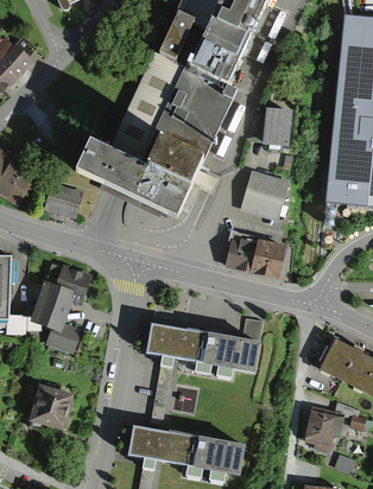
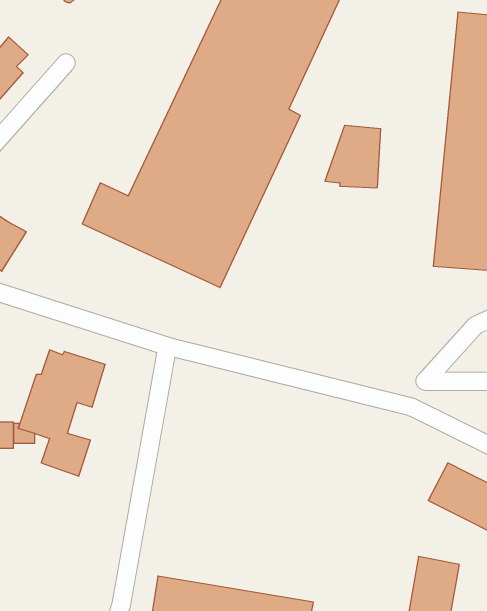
building: [240,170,287,220] -> none
building: [42,183,83,220] -> none
building: [223,229,287,280] -> none
building: [146,323,259,371] -> none
building: [30,383,74,428] -> none

